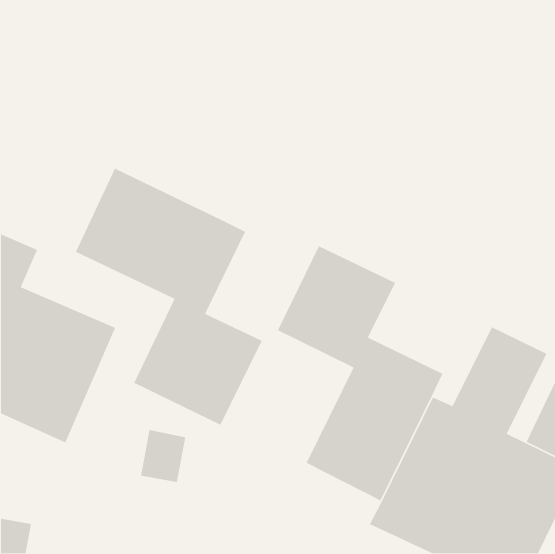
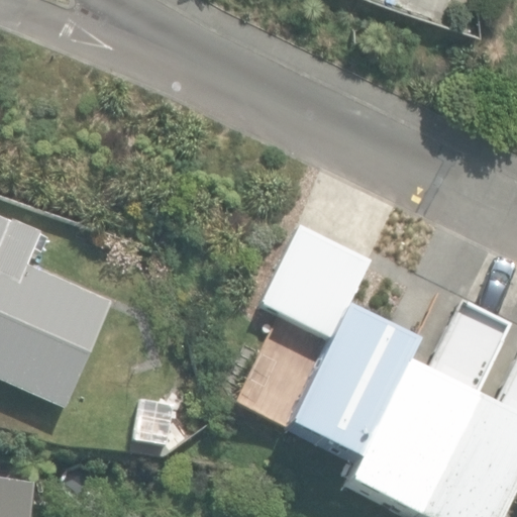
building: [75,167,263,426] -> none

